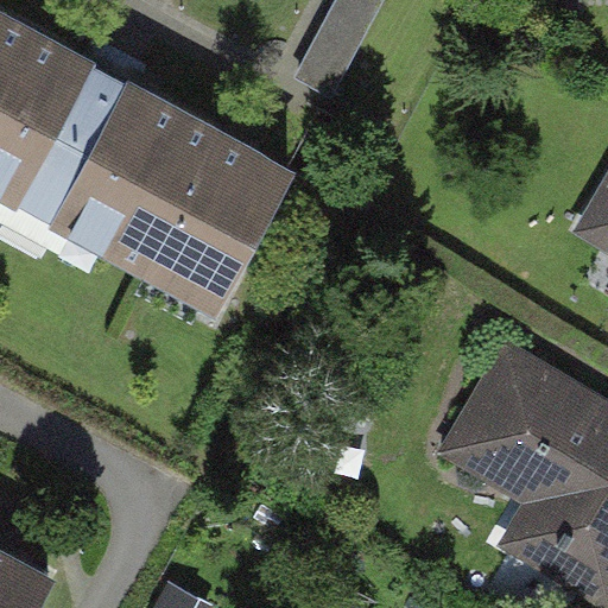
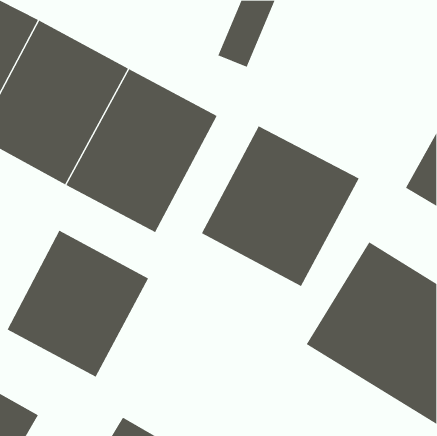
building: none -> [201,125,359,287]
building: none -> [7,230,149,377]

